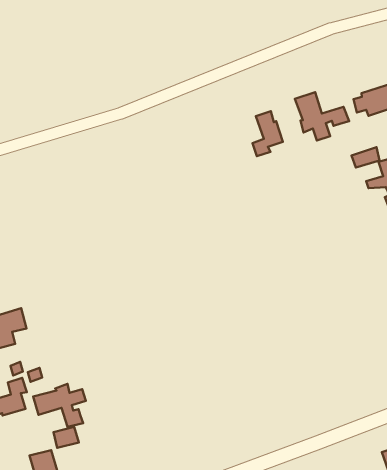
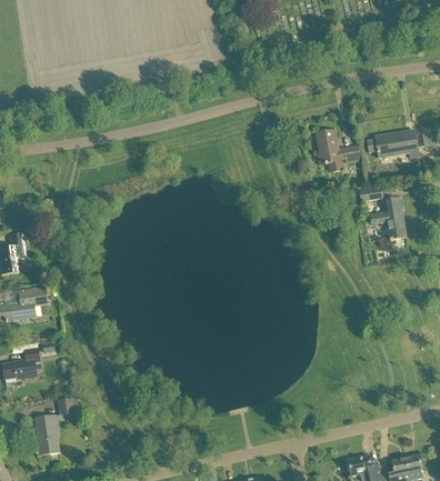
building: [253,111,283,156] -> none
building: [33,384,86,427] -> none

